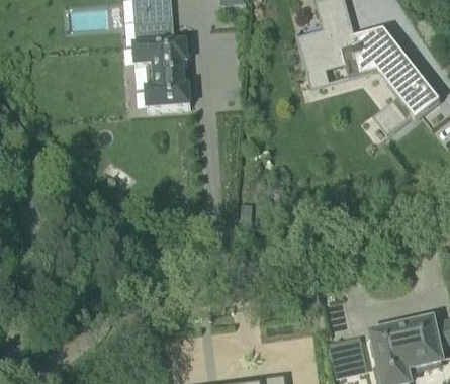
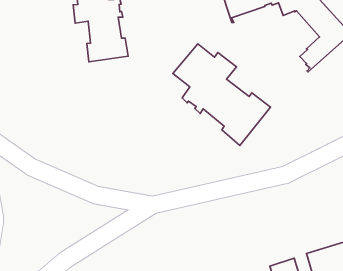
building: none -> [173,44,270,145]

